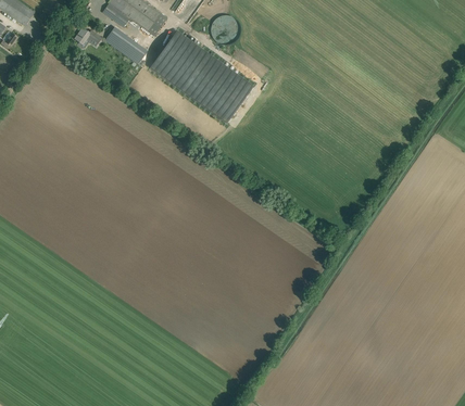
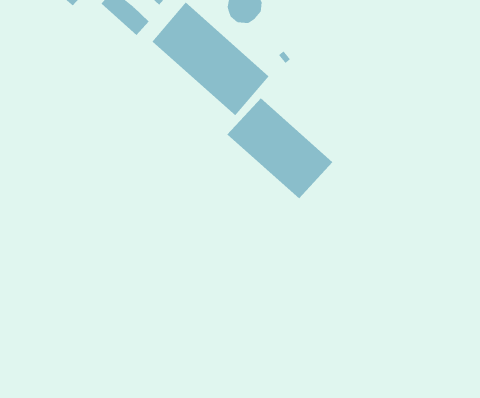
building: none -> [227,98,333,199]

